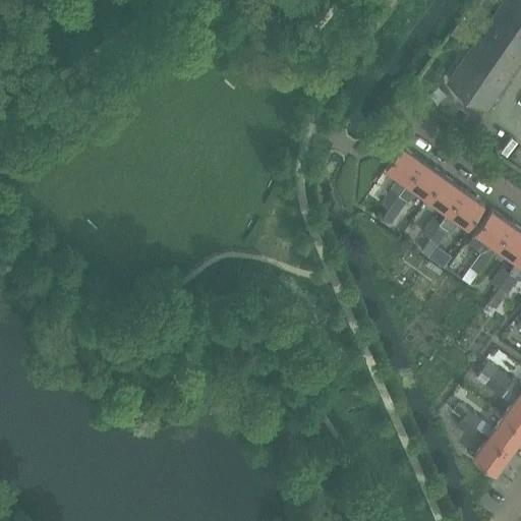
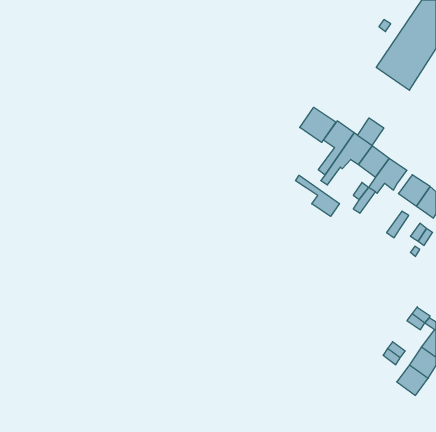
building: none -> [300,107,336,142]
building: none -> [357,118,384,145]
building: none -> [296,175,339,216]

